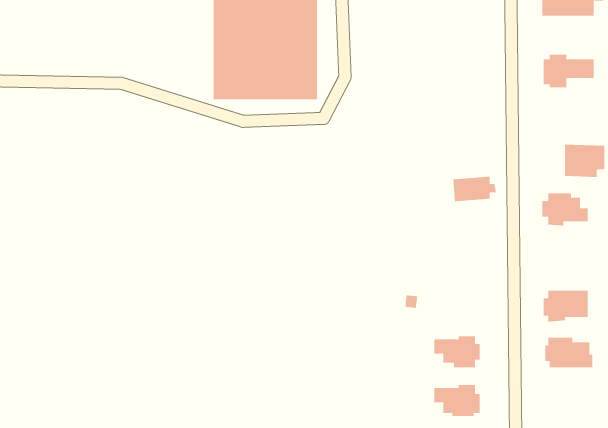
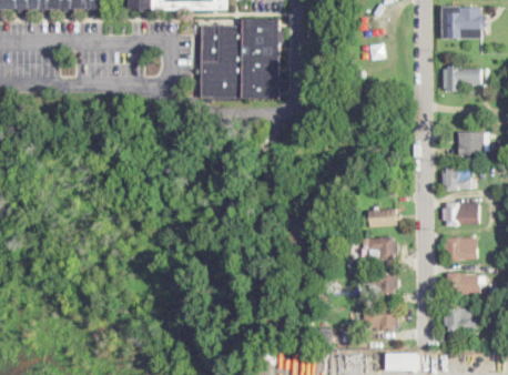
building: [453,176,497,202] -> [367,209,399,227]
building: none -> [441,203,477,226]
building: none -> [362,236,396,261]
building: none -> [441,308,476,331]

